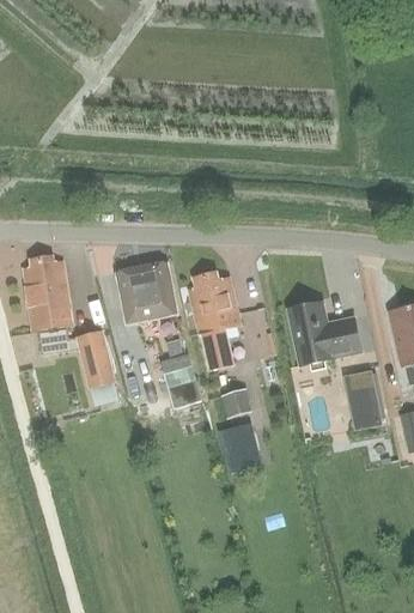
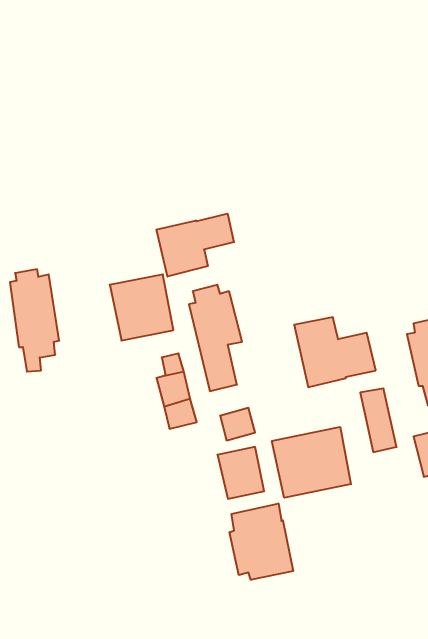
building: none -> [156,214,234,277]
building: [77,329,117,401] -> none
building: none -> [272,427,351,498]
building: none -> [230,503,293,580]

